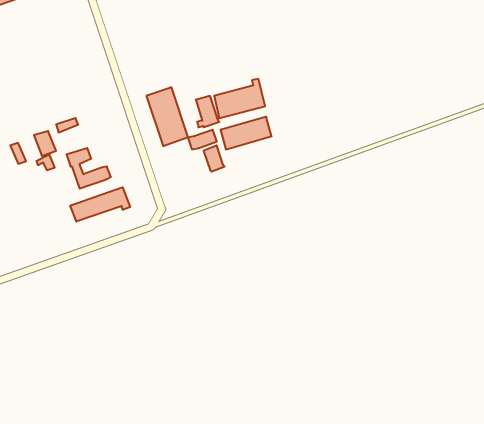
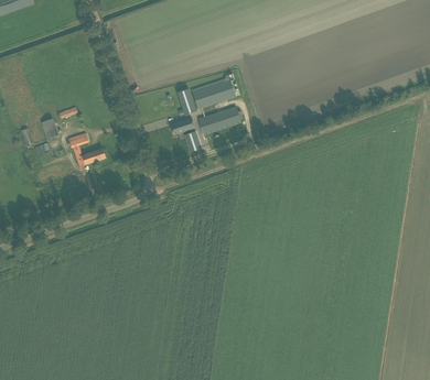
building: [147,87,188,146] -> none
building: [70,187,130,222] -> none

